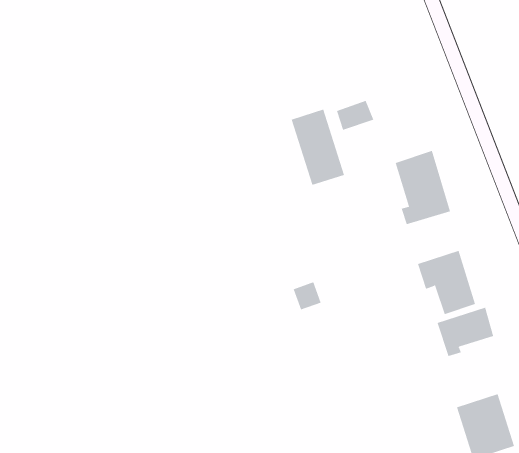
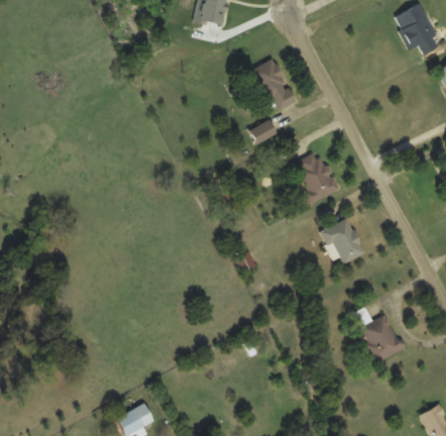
building: [291,109,345,185] -> [252,58,295,112]
building: [437,307,494,357] -> none

